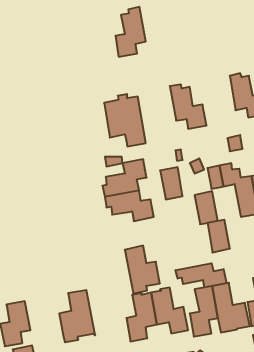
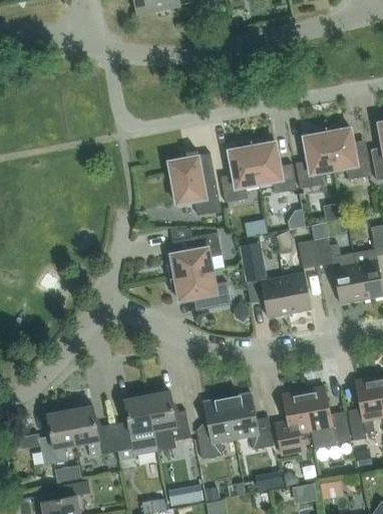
building: [115,7,146,57] -> [221,141,259,203]
building: none -> [295,127,333,189]
building: [208,220,230,253] -> [261,277,289,318]
building: [125,246,160,295] -> [146,391,190,452]
building: [176,263,226,287] -> none
building: none -> [69,406,117,457]

